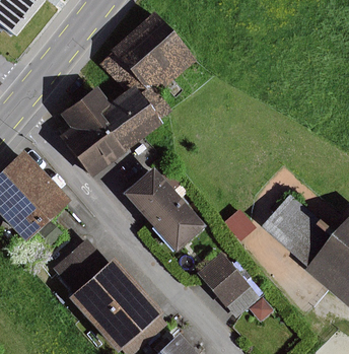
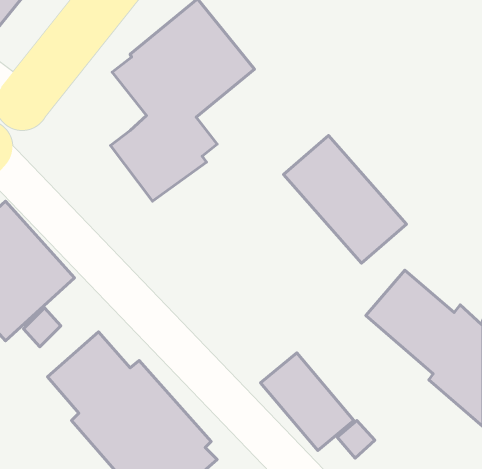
building: [60,88,123,174] -> none
building: [122,167,205,254] -> [283,136,407,263]

